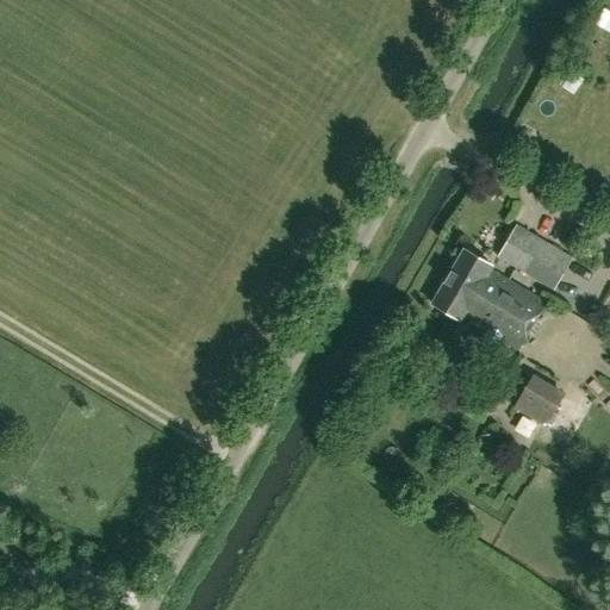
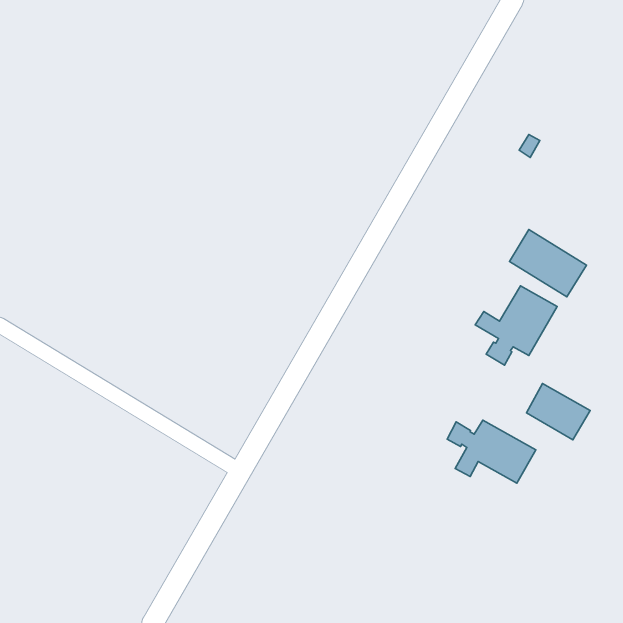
building: [430,248,508,319] -> none
building: none -> [447,420,536,483]

